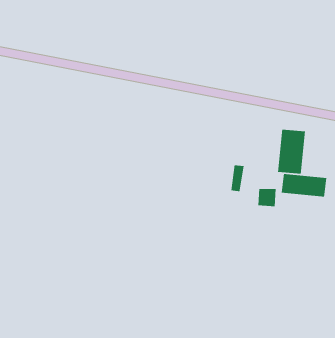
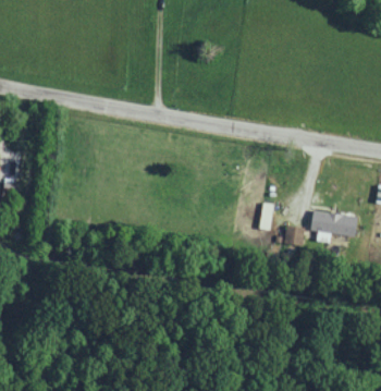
building: [277,129,306,175] -> none

